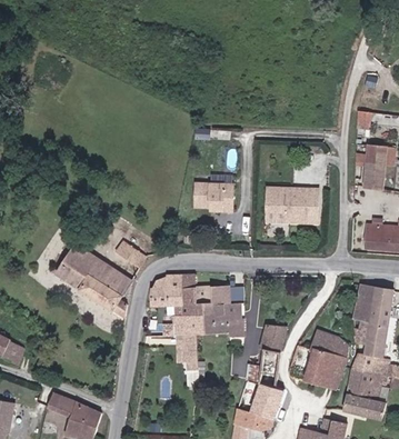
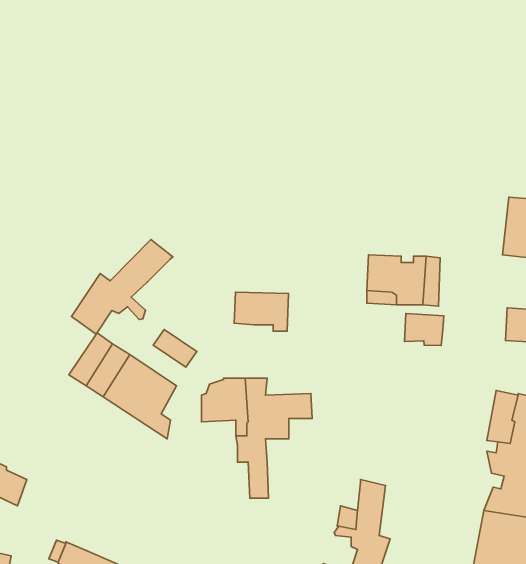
building: none -> [72,239,173,334]
building: [194,183,233,211] -> [234,292,289,331]
building: none -> [404,314,444,345]
building: [194,303,243,337] -> none
building: [260,323,287,351] -> none
building: [303,329,348,390] -> none

